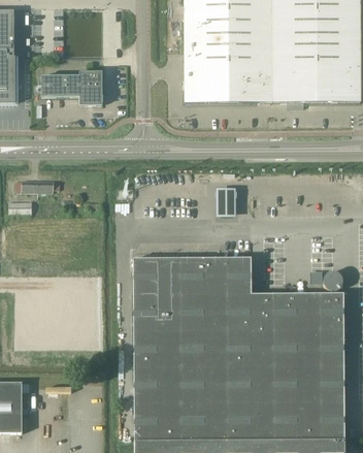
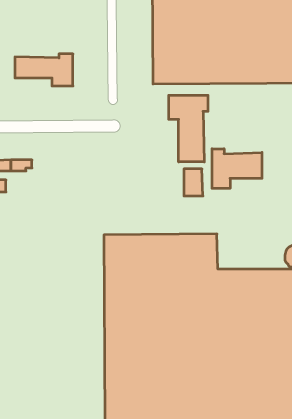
building: none -> [169,95,208,162]
building: none -> [212,149,262,188]

